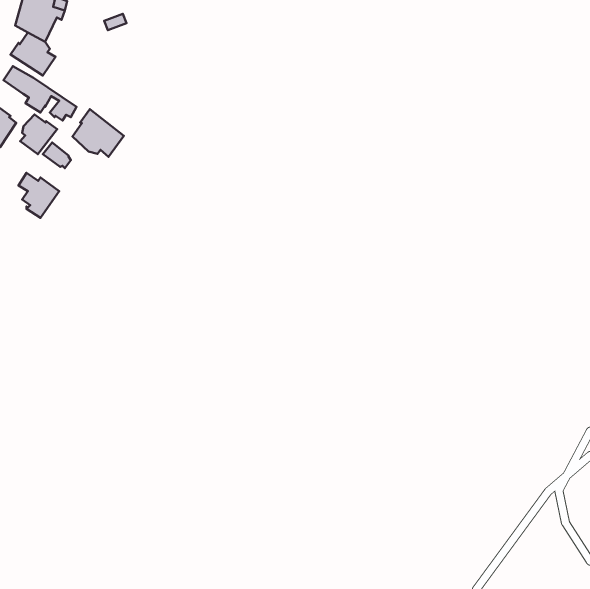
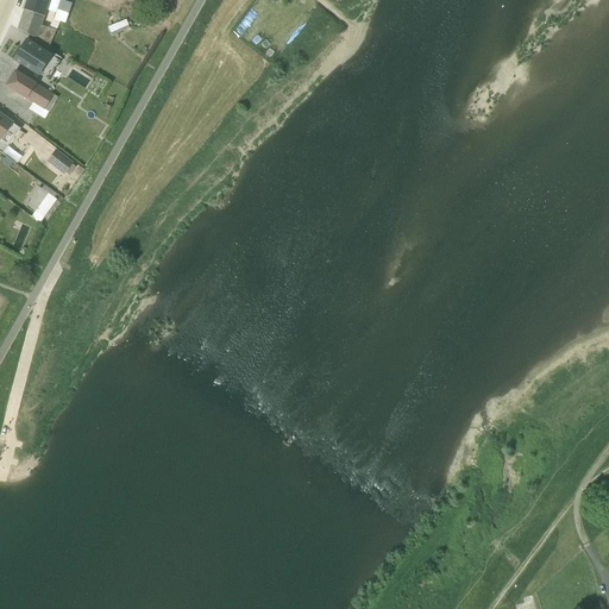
building: [72,109,124,157] -> none
building: [20,114,57,154] -> none

